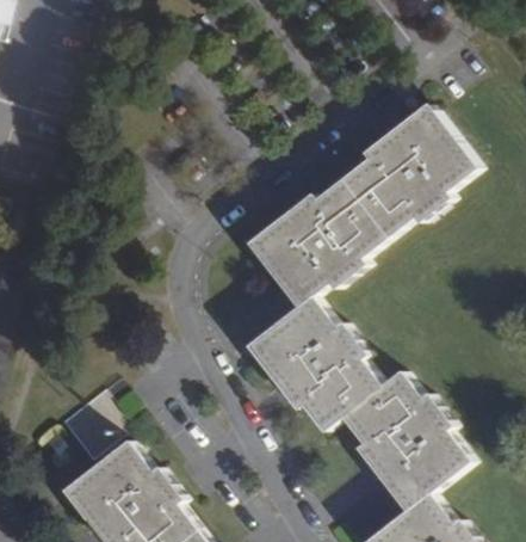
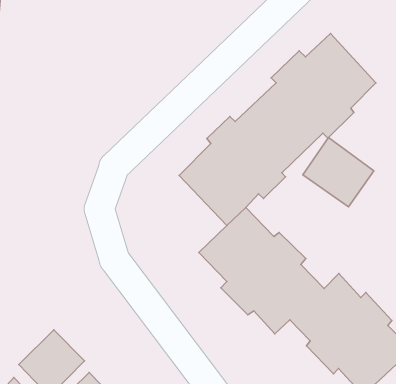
building: none -> [303,138,374,207]

